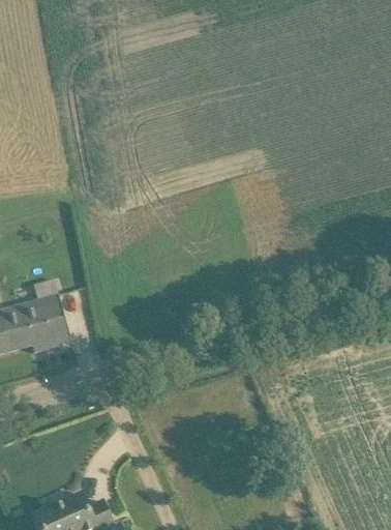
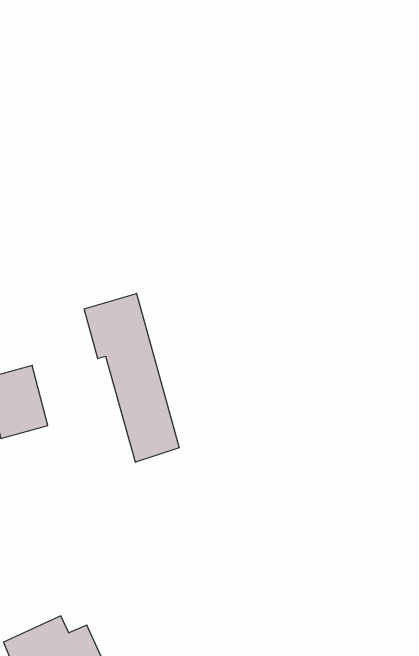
building: none -> [84,293,179,462]

